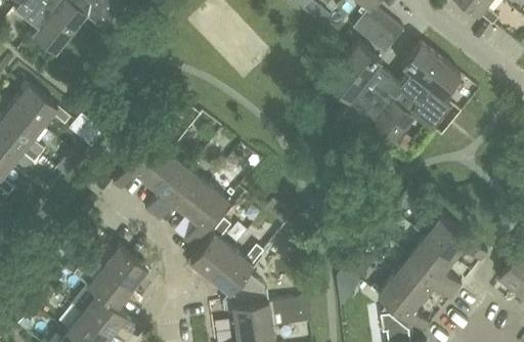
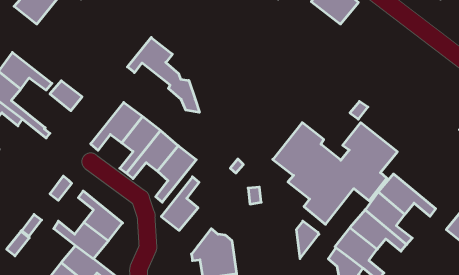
building: [325,43,461,154] -> [273,123,397,224]
building: none -> [127,37,199,112]
building: [210,245,264,294] -> none

